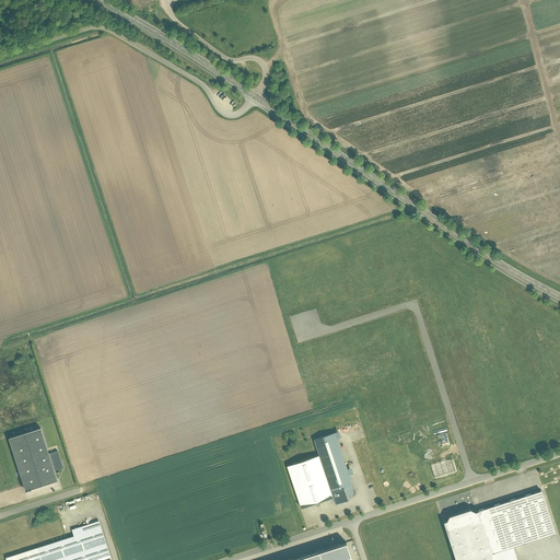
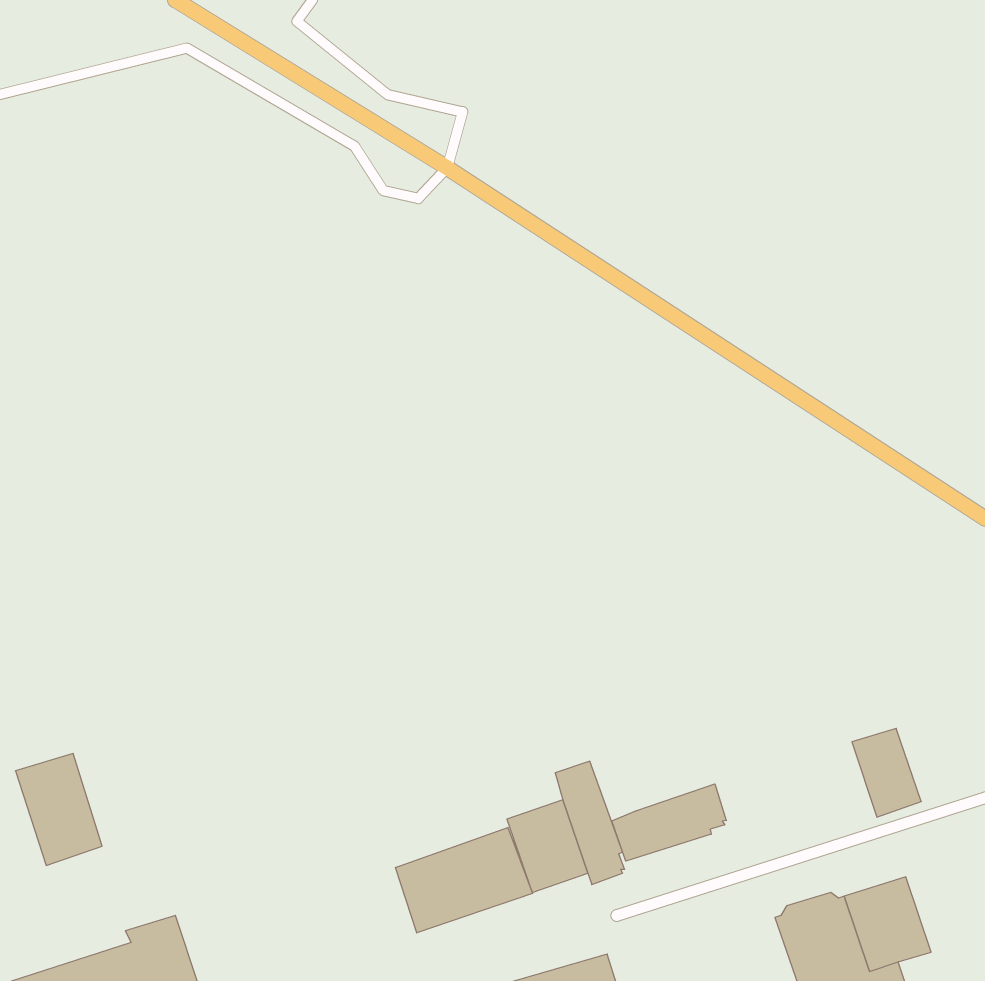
building: none -> [612,784,726,861]
building: none -> [396,827,532,933]
building: [514,492,553,542] -> [852,728,921,817]

